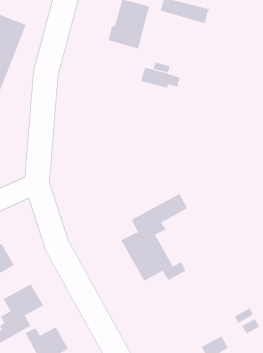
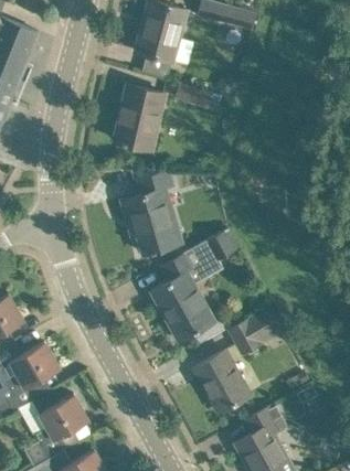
building: none -> [113,85,163,149]
building: none -> [120,171,176,254]
building: none -> [227,306,283,354]
building: none -> [193,350,250,411]

